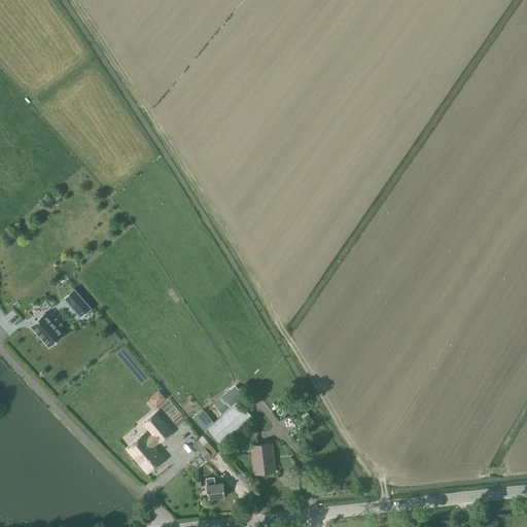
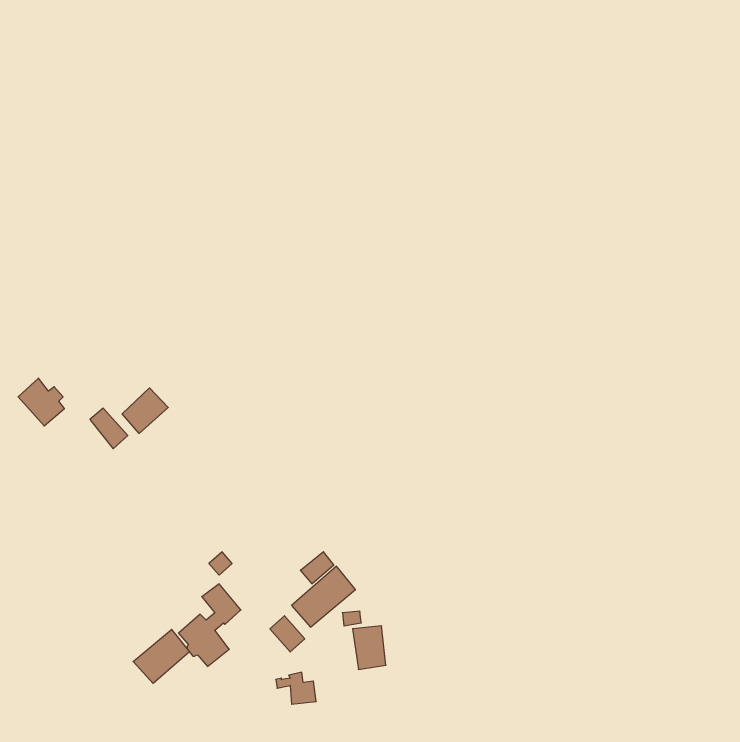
building: none -> [122,388,168,433]
building: [31,313,64,347] -> [18,378,64,426]
building: none -> [133,629,189,683]

